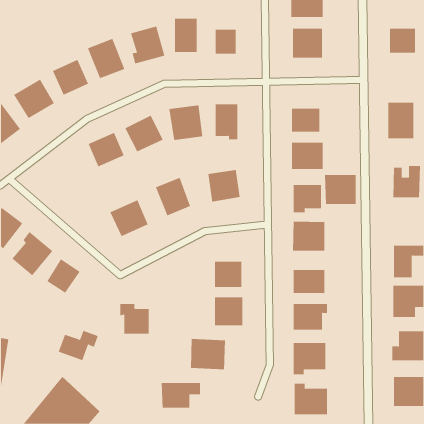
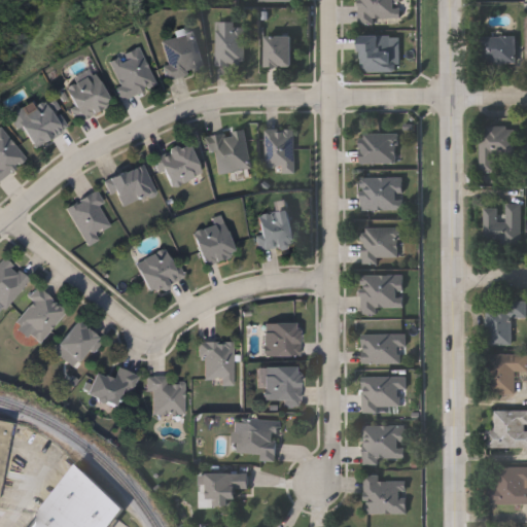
building: none -> [65,190,111,245]
building: [325,174,356,205] -> none
building: none -> [200,342,235,383]
building: [58,330,99,361] -> [87,367,138,406]

